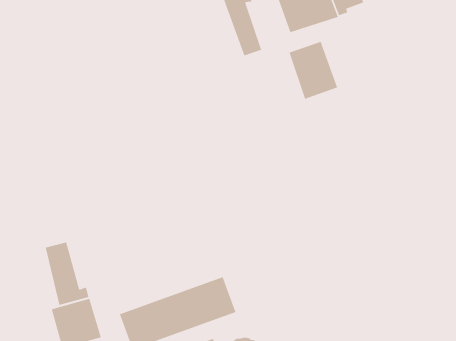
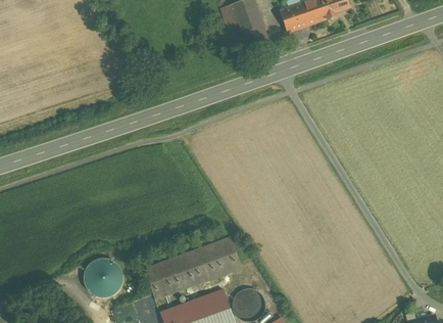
building: [289,41,338,100] -> none
building: [45,241,90,306] -> none

